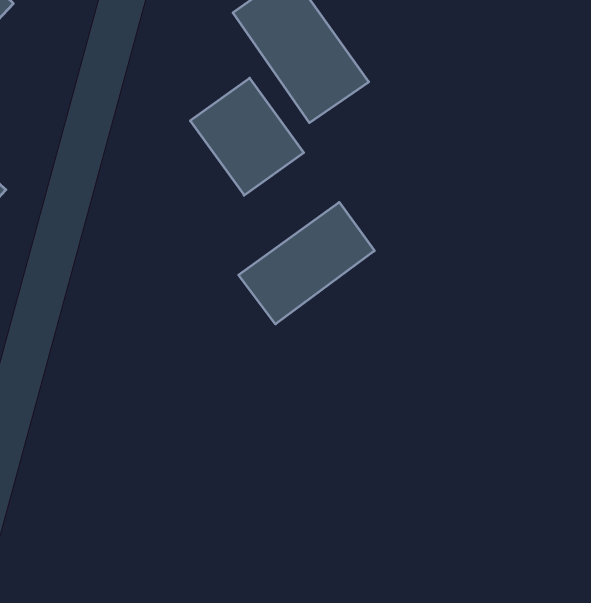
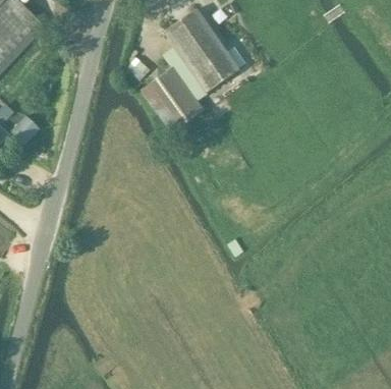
building: [239,202,374,324] -> none

